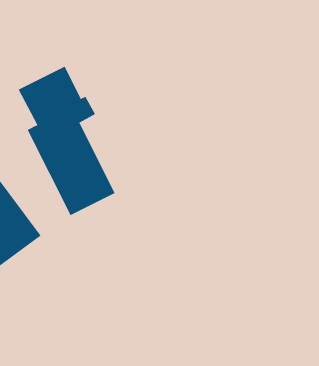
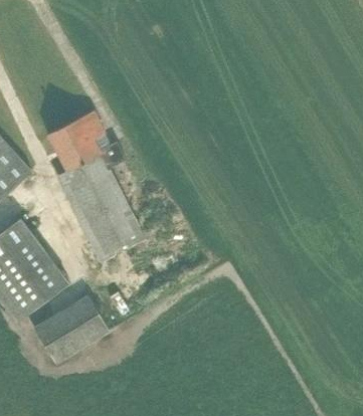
building: none -> [34,293,109,363]

